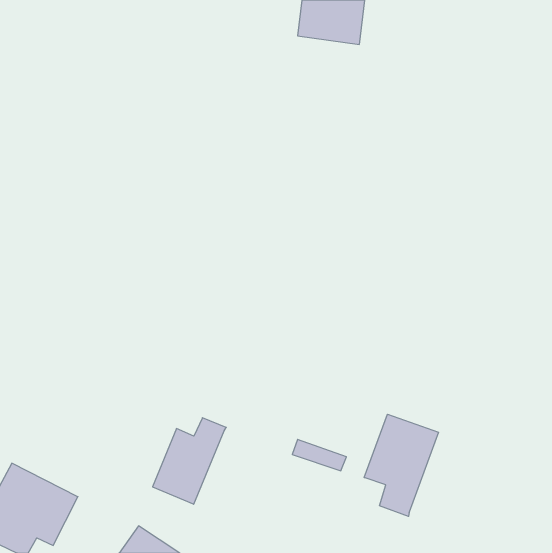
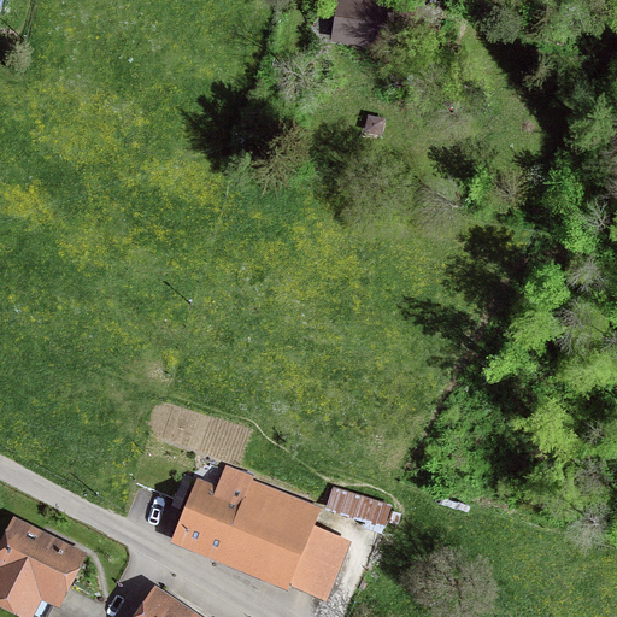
building: [364,414,438,516] -> none
building: none -> [216,480,349,600]

